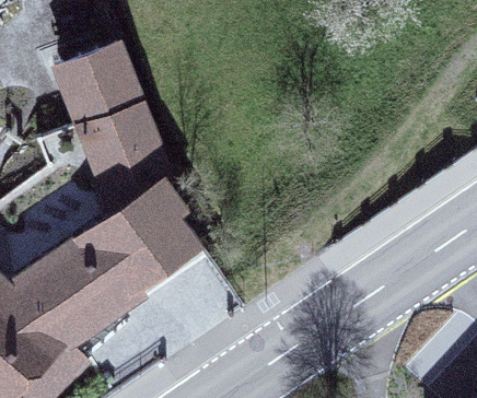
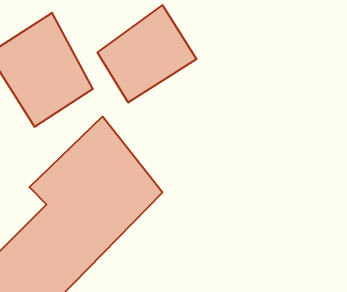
building: none -> [97,5,196,103]

